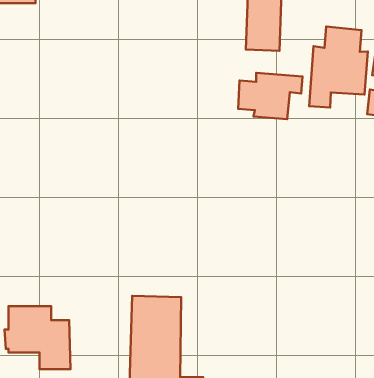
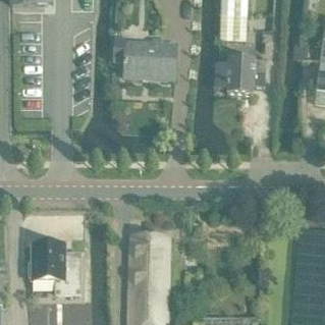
building: [309,26,368,108] -> none
building: none -> [113,37,176,79]

